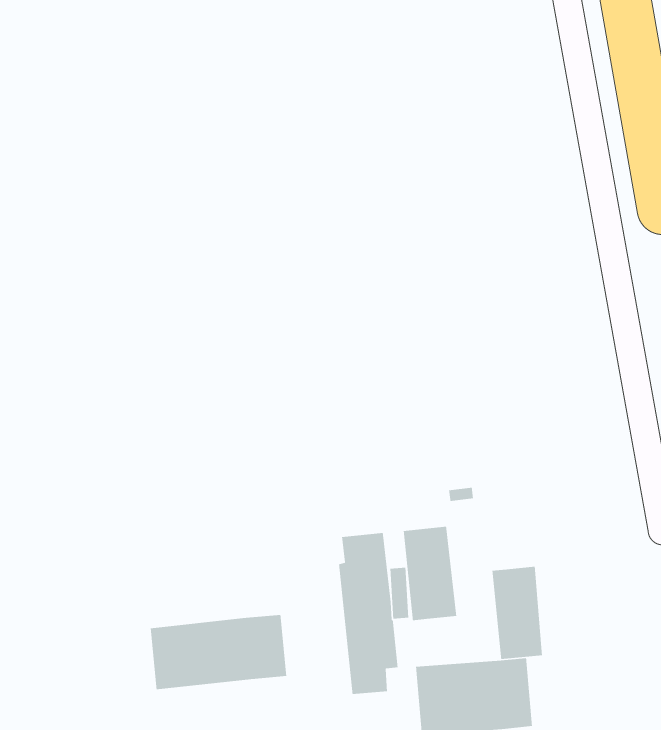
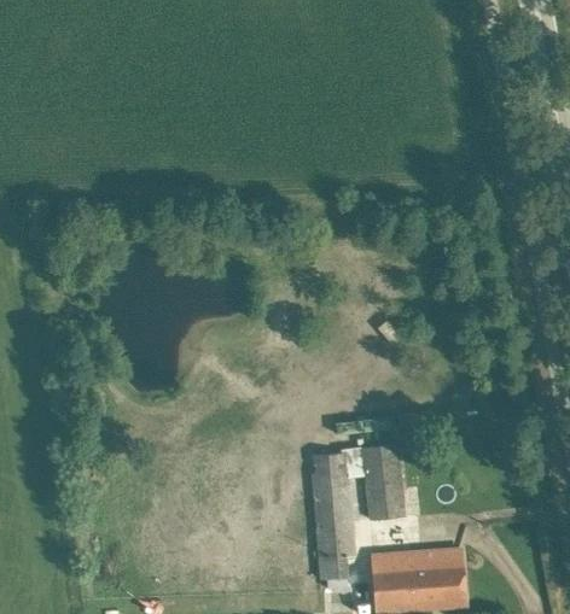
building: [492,566,543,660] -> none
building: [150,614,287,690] -> none

